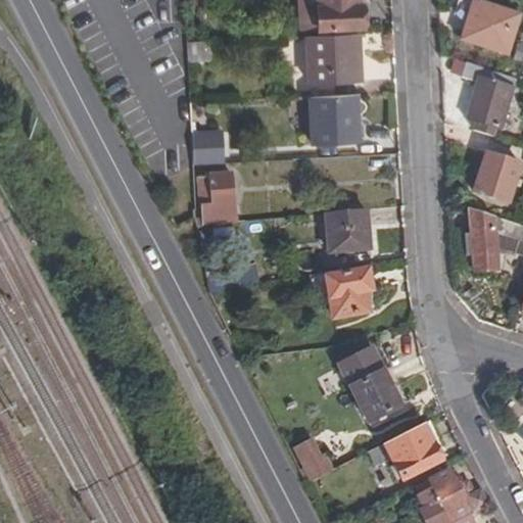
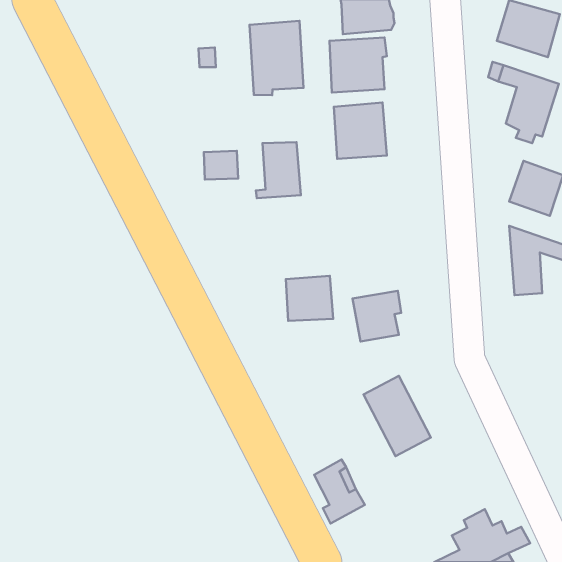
building: none -> [250,21,303,95]
building: [193,172,235,224] -> [256,142,301,198]
building: [325,209,369,251] -> [286,276,333,321]
building: [371,420,443,481] -> none

